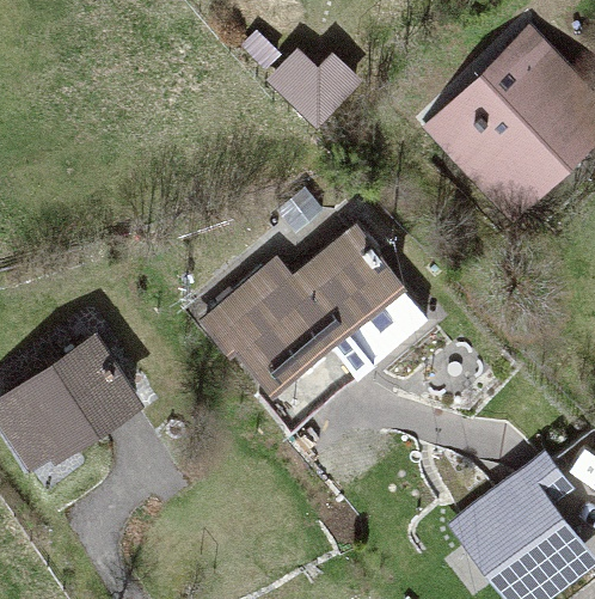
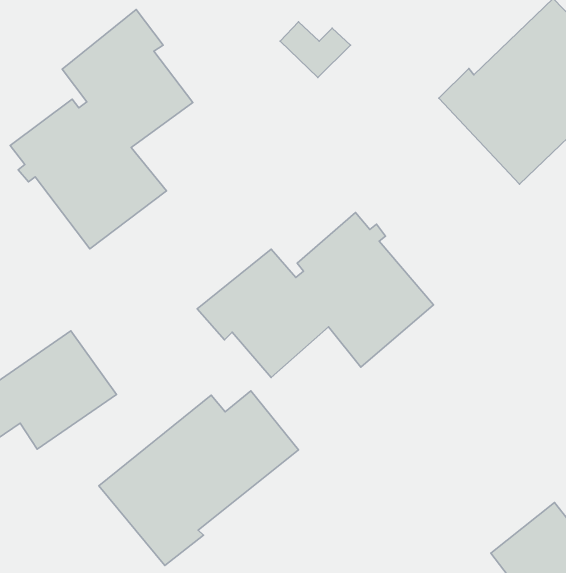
building: none -> [10,10,193,249]
building: none -> [99,391,299,565]

